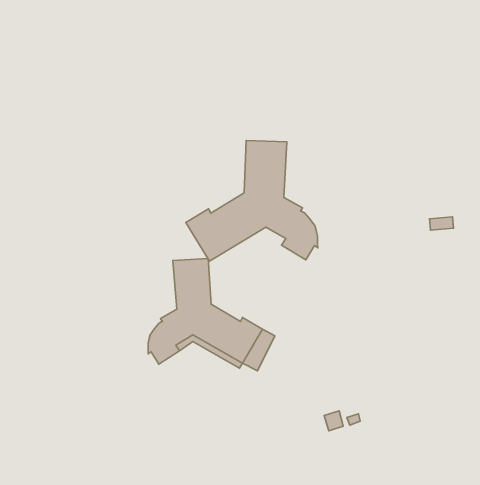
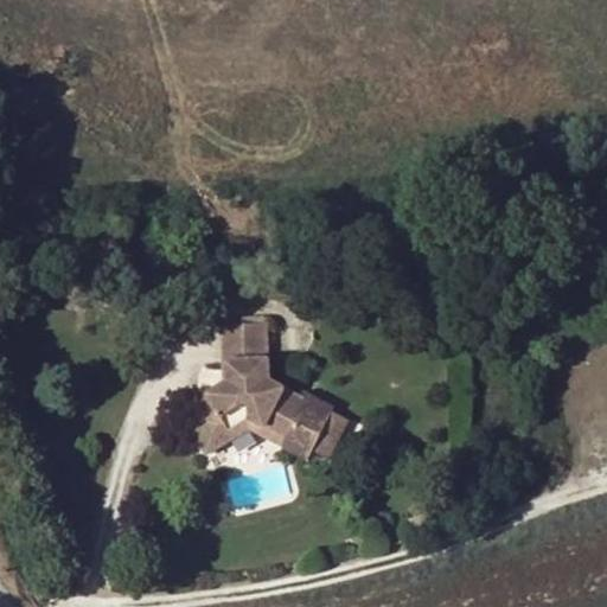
building: [186,141,318,261] -> none

